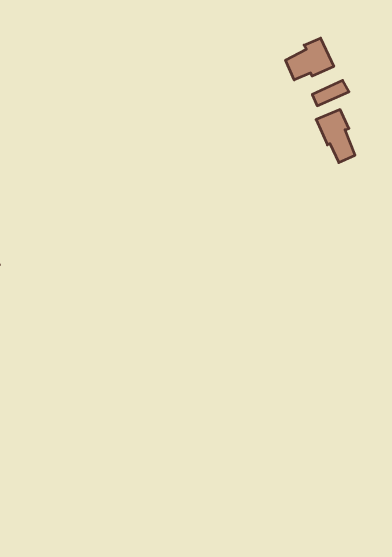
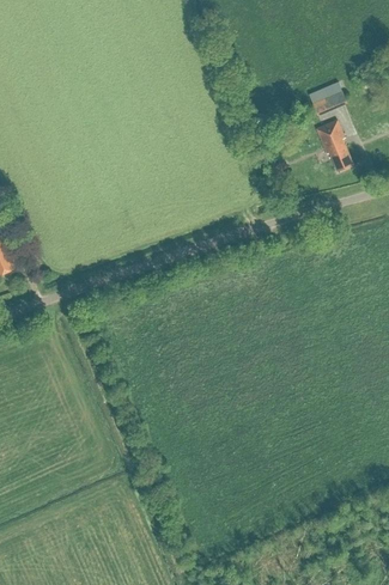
building: [286,38,334,80] -> none

